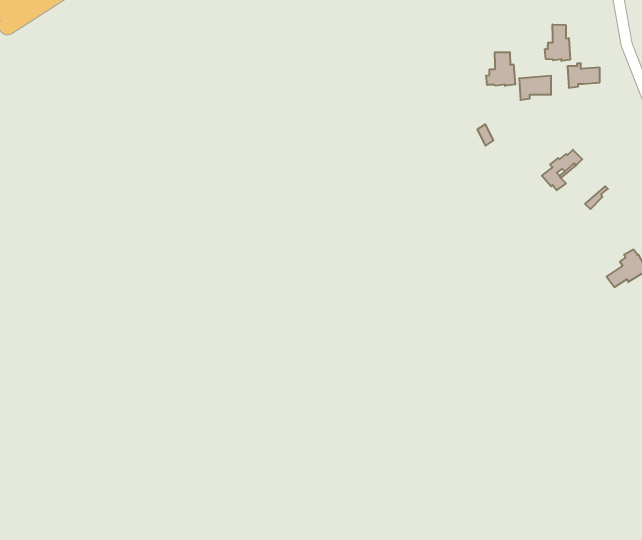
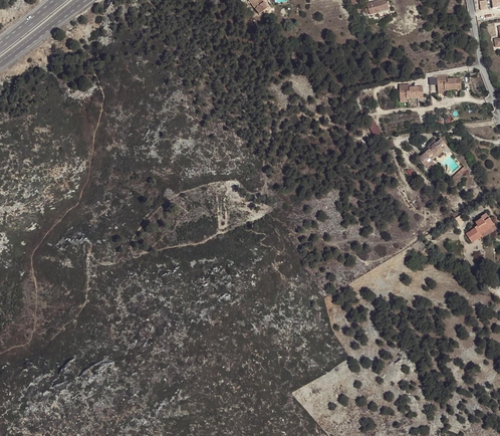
building: [545,24,570,61] -> none
building: [486,52,515,86] -> none

